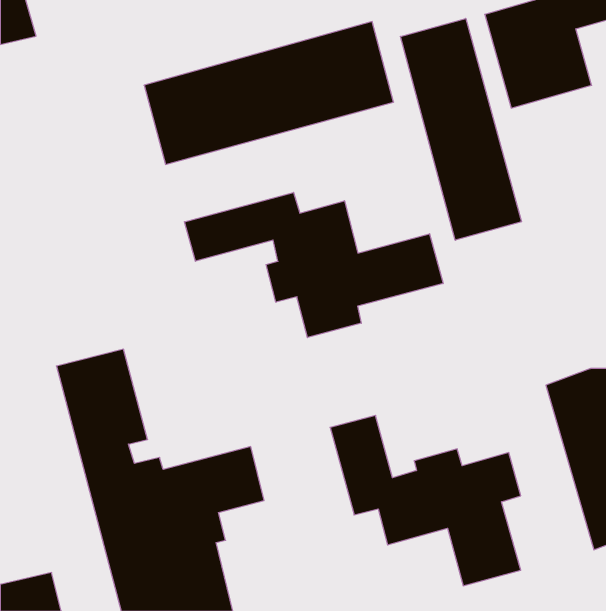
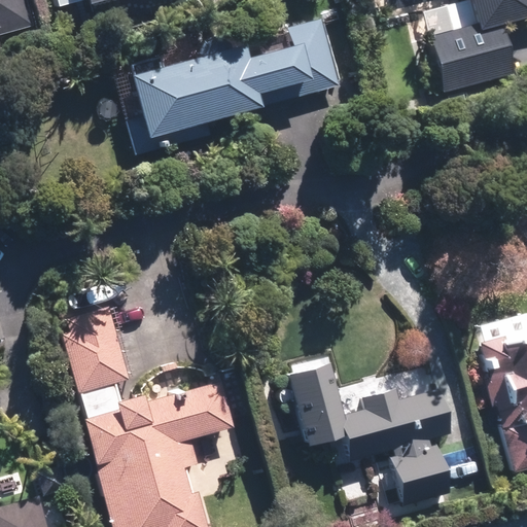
building: [400,18,521,240] -> none
building: [184,192,443,338] -> none

